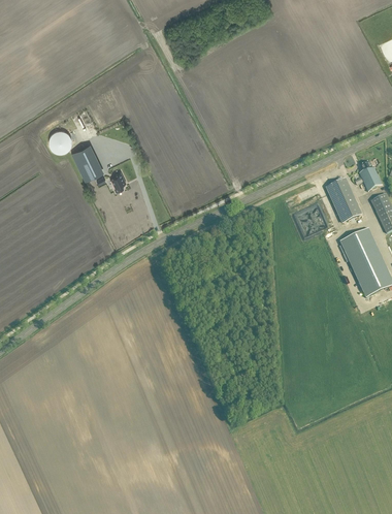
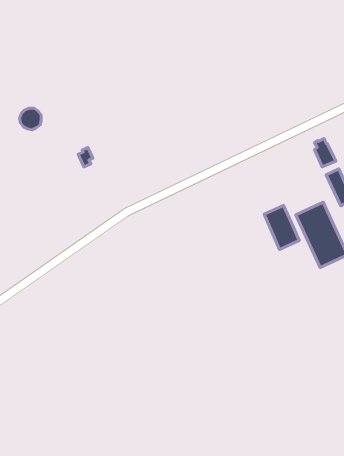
building: [70,142,102,181] -> none
building: [325,178,362,224] -> [264,205,299,249]

